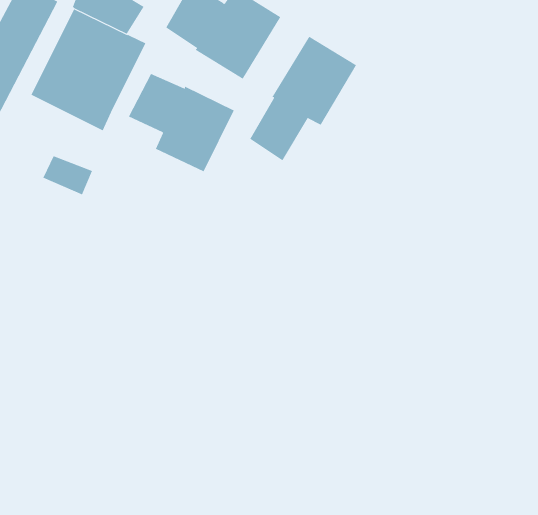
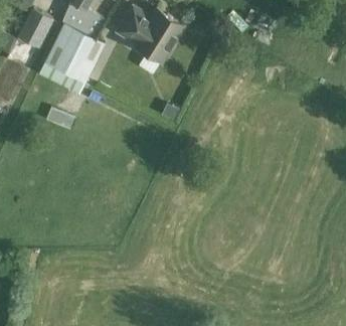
building: [249,36,357,161] -> none
building: [128,73,234,172] -> none

